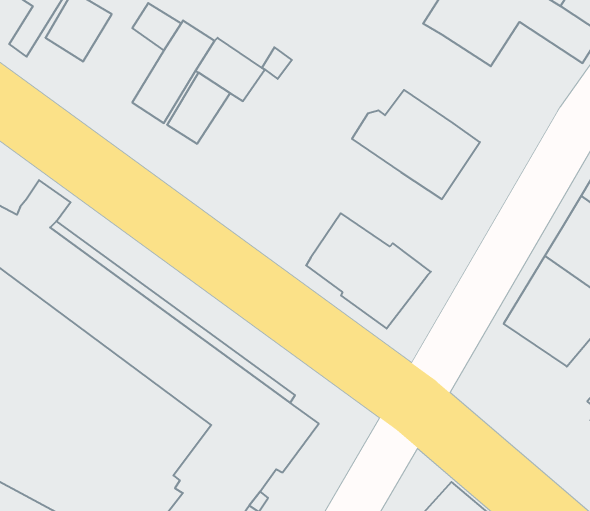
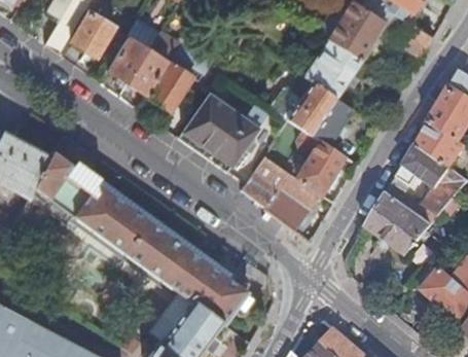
building: none -> [105,35,147,83]
building: none -> [303,39,360,97]
building: none -> [176,94,264,173]
building: none -> [296,129,344,193]

